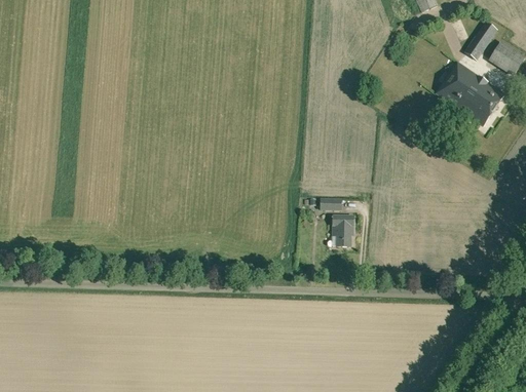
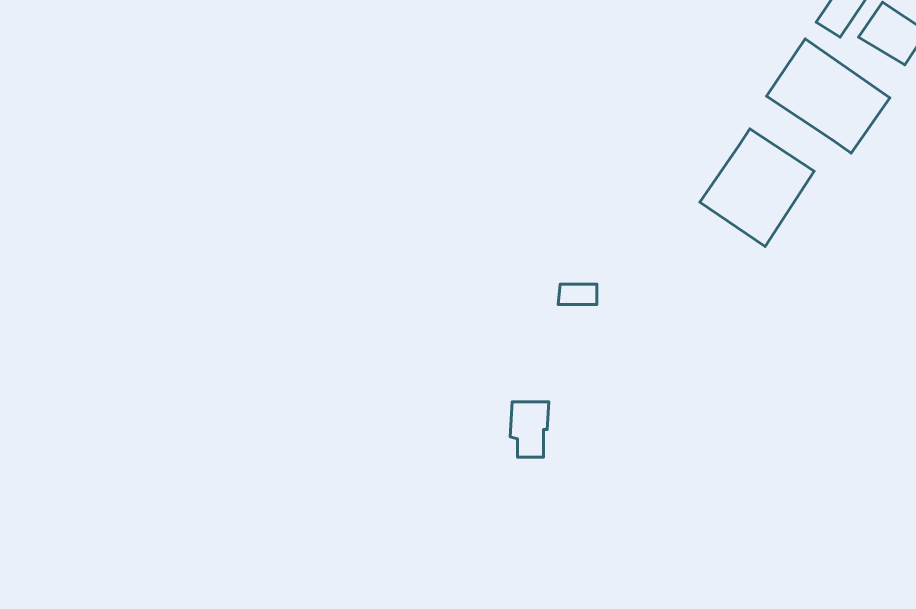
building: none -> [700,129,814,246]
building: [332,215,353,246] -> [510,402,549,457]

